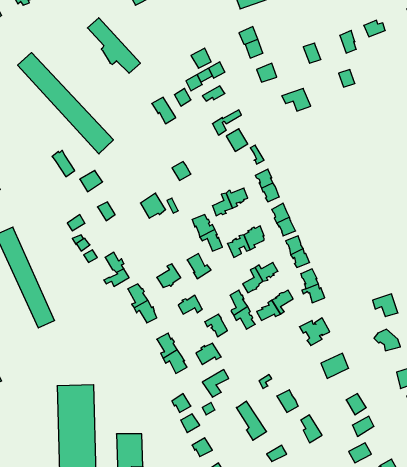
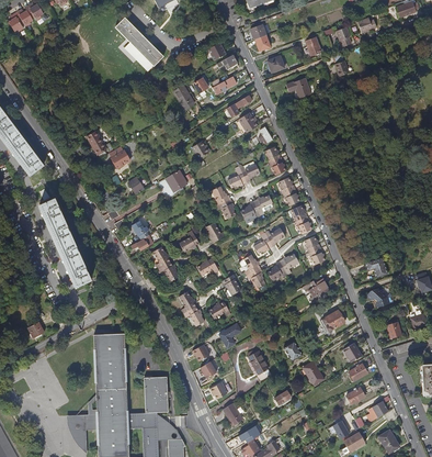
building: [18,53,113,154] -> none

